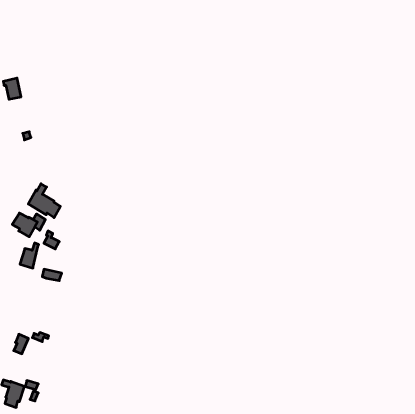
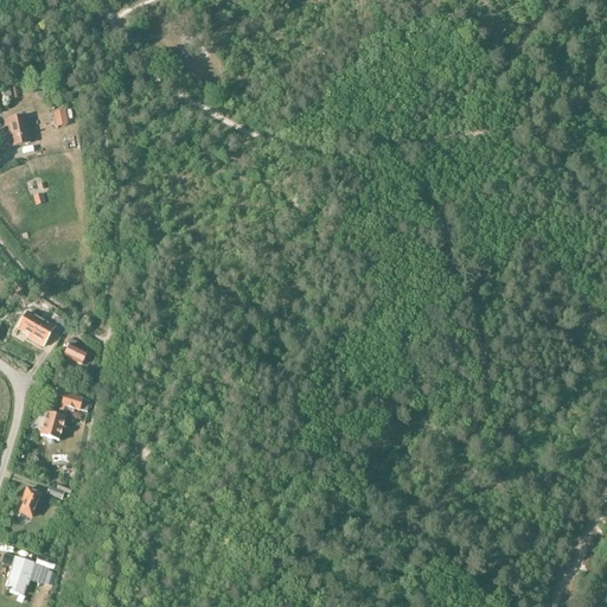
building: [28,184,60,218] -> none
building: [20,243,39,268] -> [40,403,68,440]

